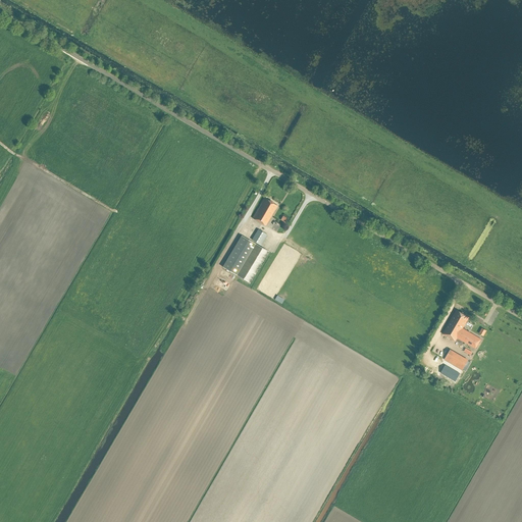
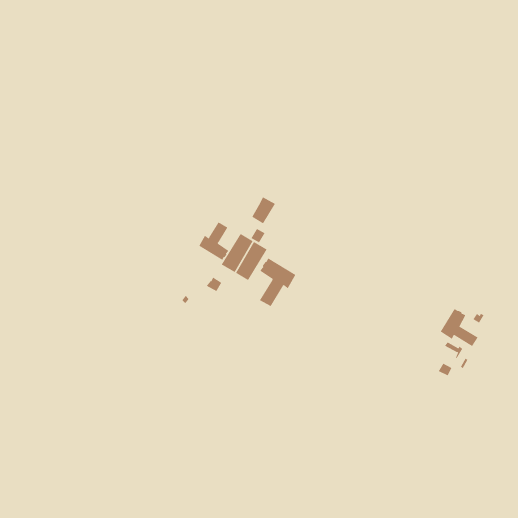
building: none -> [199,222,229,261]
building: none -> [259,257,296,307]

